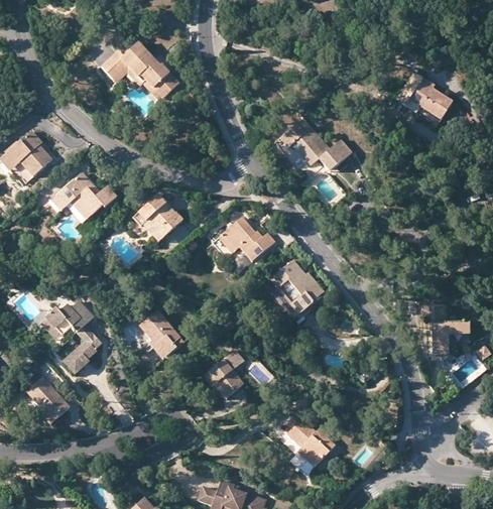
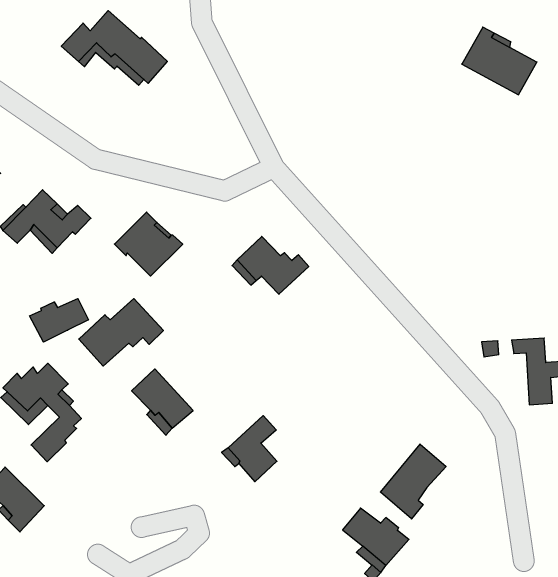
building: [278,116,350,170] -> none
building: none -> [30,299,88,342]
building: none -> [79,299,163,366]
building: [270,259,323,322] -> none
building: none -> [380,444,446,519]

